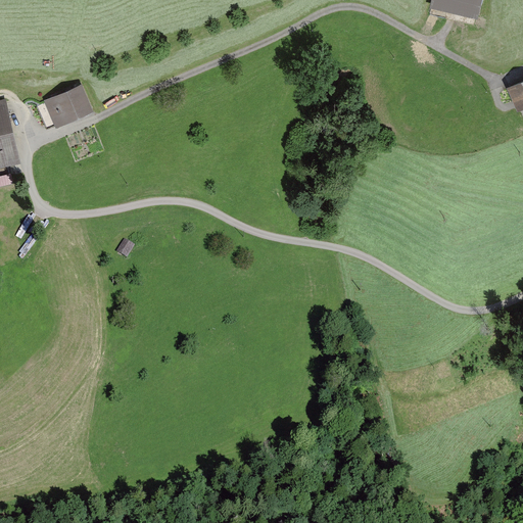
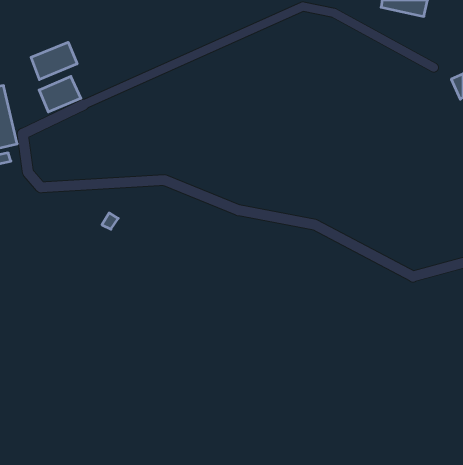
building: none -> [31,42,77,80]

